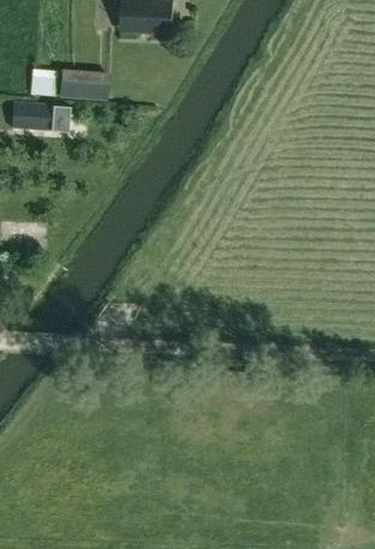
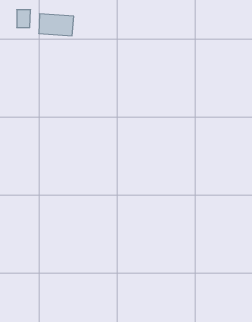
building: [11,101,53,131] -> none

